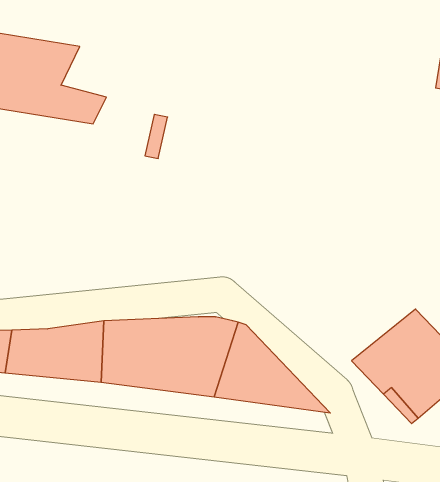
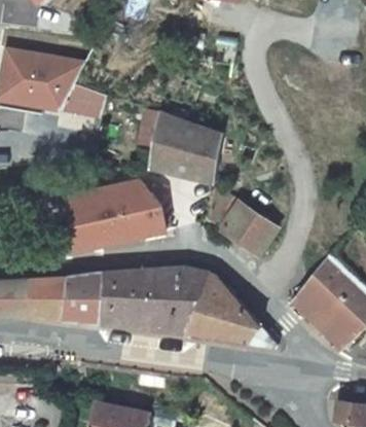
building: none -> [156,116,222,184]
building: none -> [67,177,167,248]
building: none -> [206,190,280,255]

